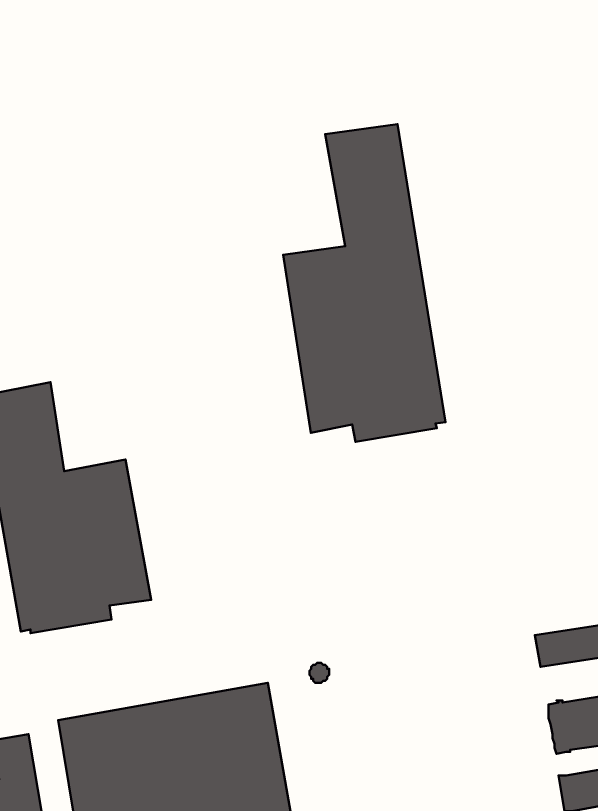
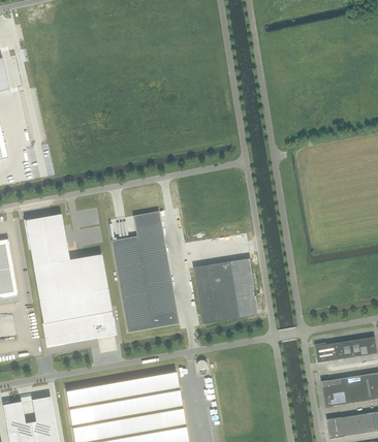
building: [283,124,445,442] -> none
building: none -> [112,212,178,333]
building: none -> [193,258,258,324]

